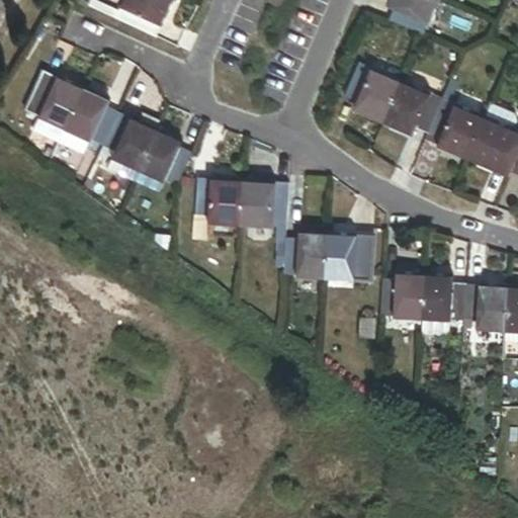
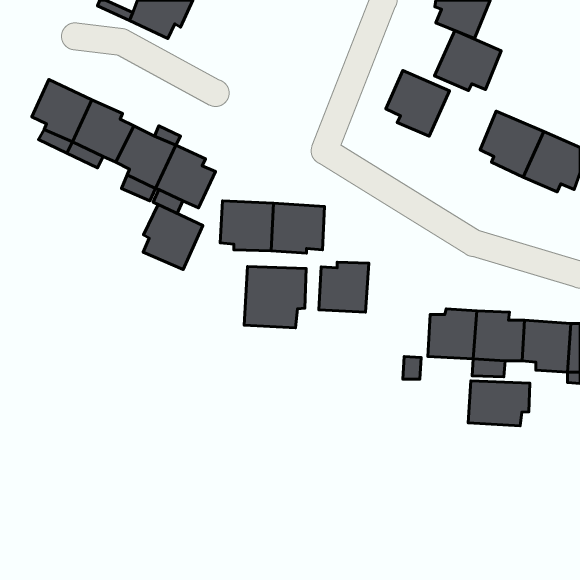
building: [382,81,442,135] -> [434,30,501,91]
building: none -> [143,205,203,269]
building: [326,235,373,280] -> none
building: none -> [244,267,306,328]
building: none -> [468,381,530,426]

